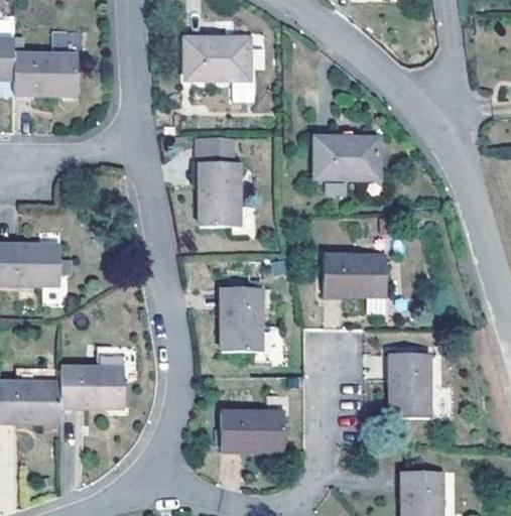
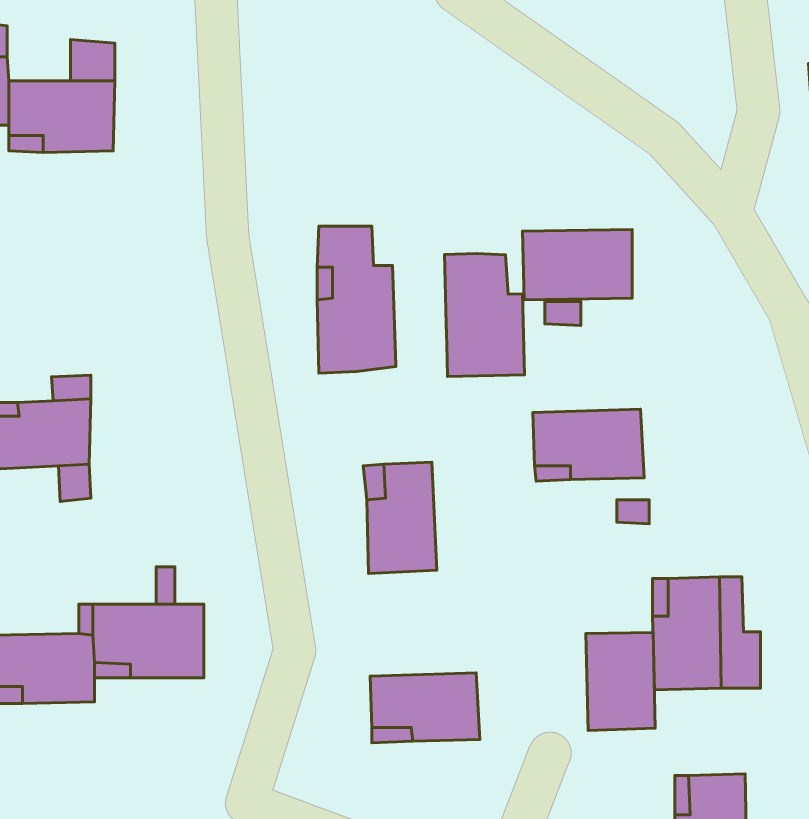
building: [183,45,251,108] -> none
building: none -> [445,254,524,377]
building: none -> [586,633,655,731]

